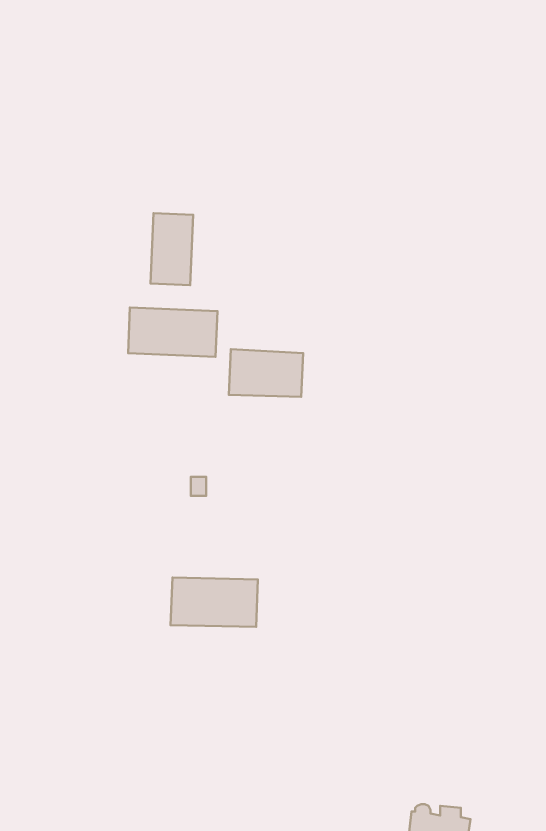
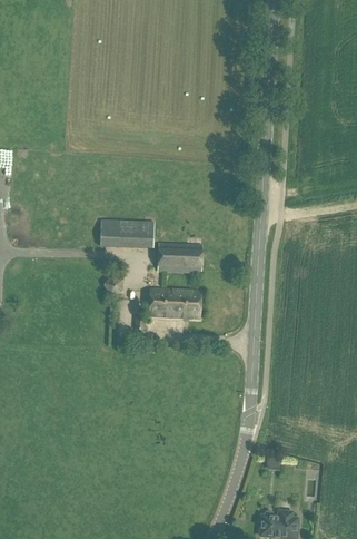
building: [151,213,193,285] -> none
building: [170,577,258,627] -> [149,288,200,317]

